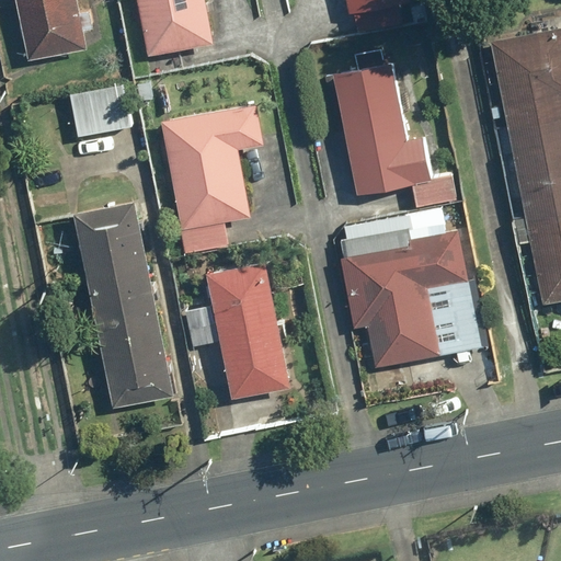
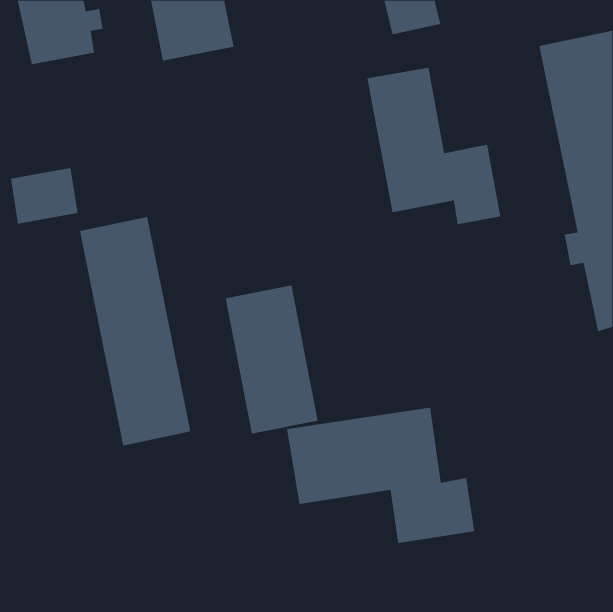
building: [69,84,131,136] -> [10,168,79,224]
building: [161,104,263,253] -> none
building: [339,232,462,365] -> none
building: none -> [287,407,475,544]

